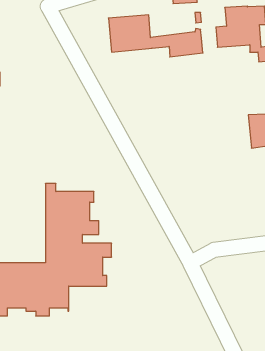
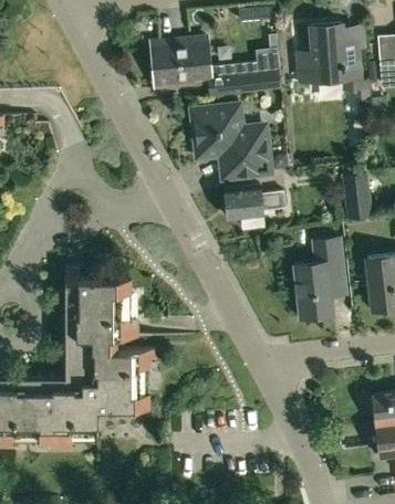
building: none -> [191,103,270,176]
building: none -> [224,183,284,229]
building: none -> [293,237,343,316]

